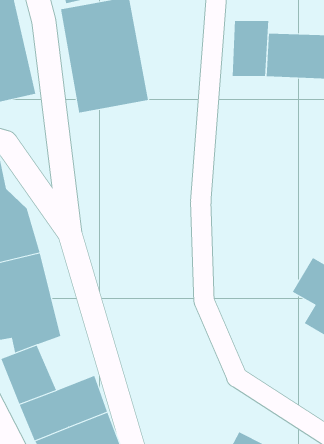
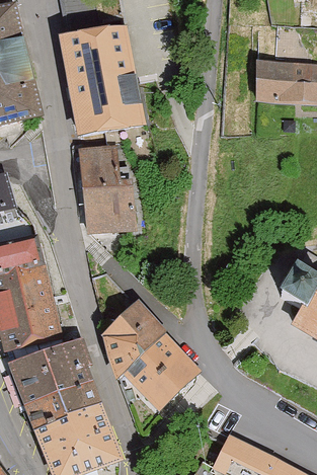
building: [232,20,269,77] -> none
building: none -> [79,144,134,230]
building: none -> [106,302,201,408]
building: none -> [41,337,94,394]

